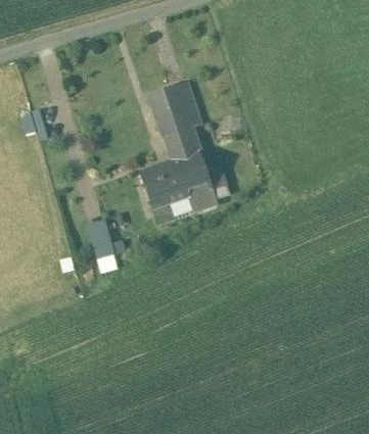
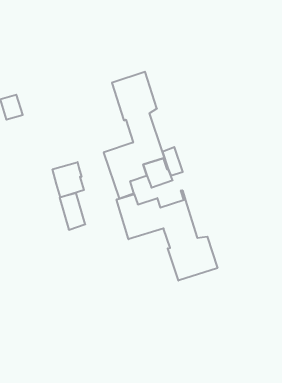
building: none -> [53,162,84,197]
building: none -> [117,190,217,281]

